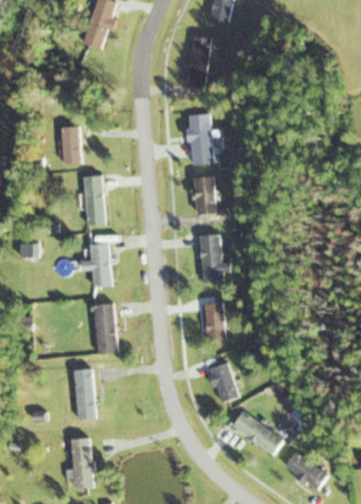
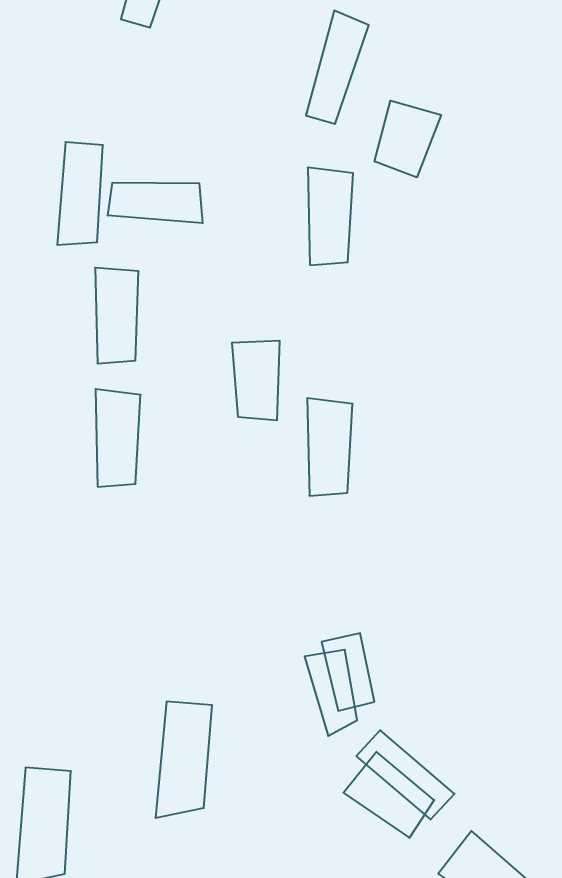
building: none -> [375,101,441,177]
building: none -> [108,183,203,223]
building: [191,177,217,217] -> [232,341,280,420]
building: [93,299,117,349] -> none
building: [199,300,223,350] -> none
building: [70,361,95,421] -> [155,701,212,818]

